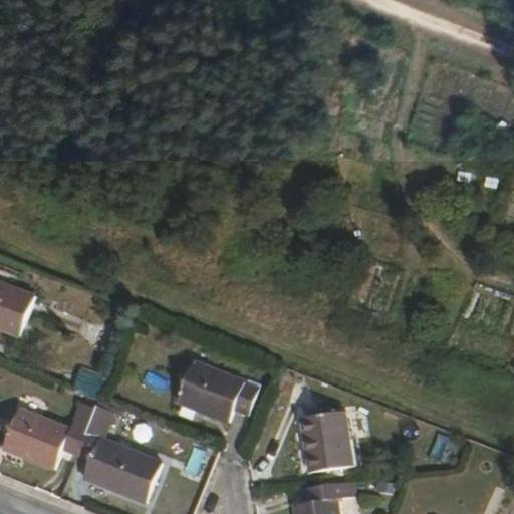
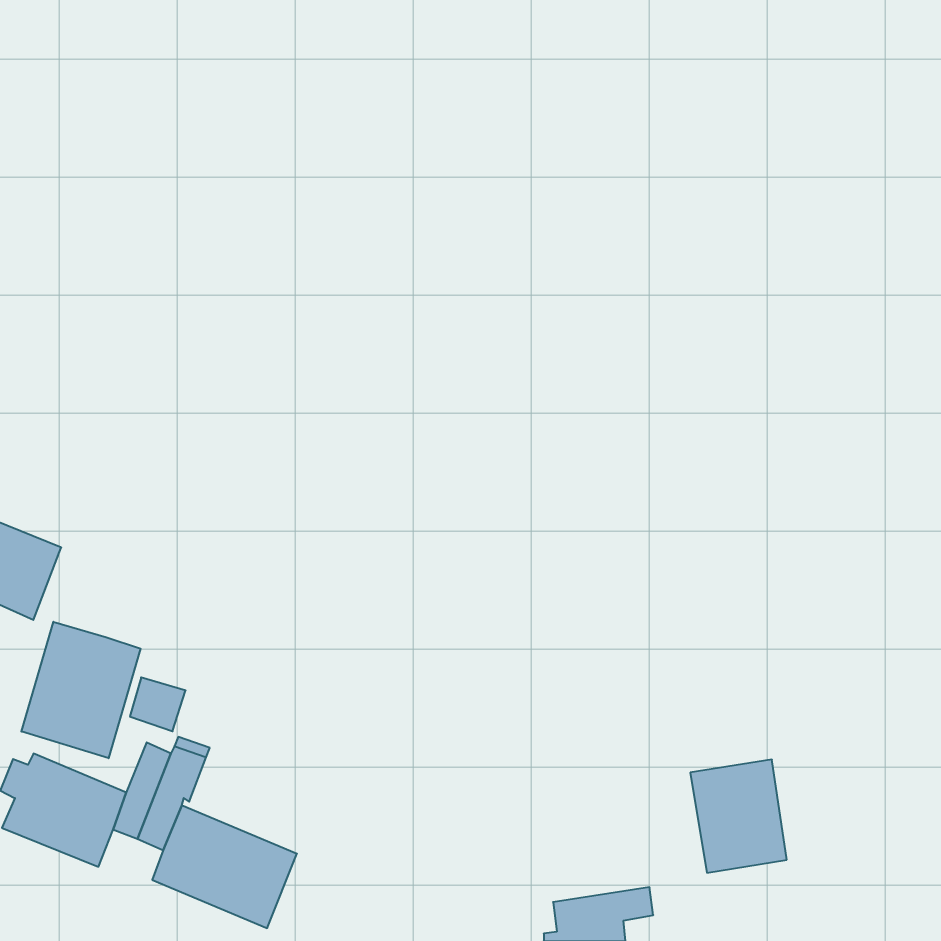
building: none -> [21,622,141,758]
building: [177,360,257,421] -> none
building: [299,411,351,472] -> [690,760,787,873]

